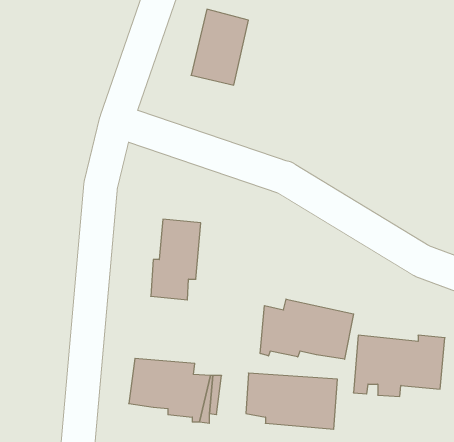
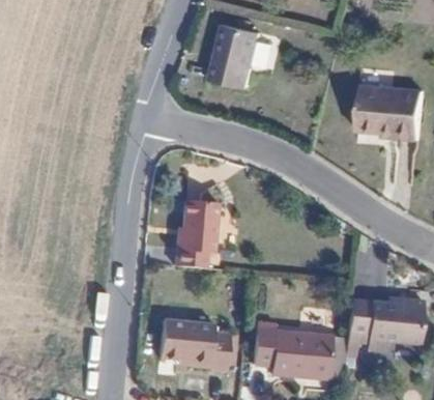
building: none -> [360,84,426,140]
building: [260,299,354,359] -> none

